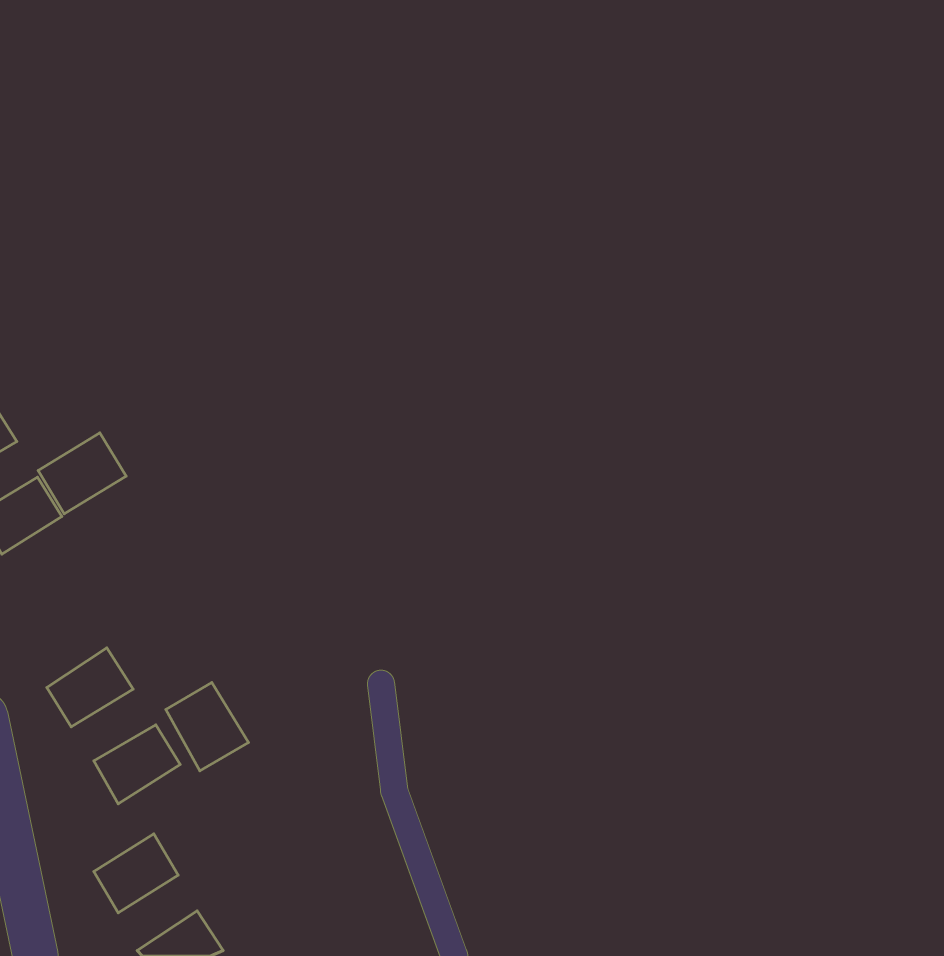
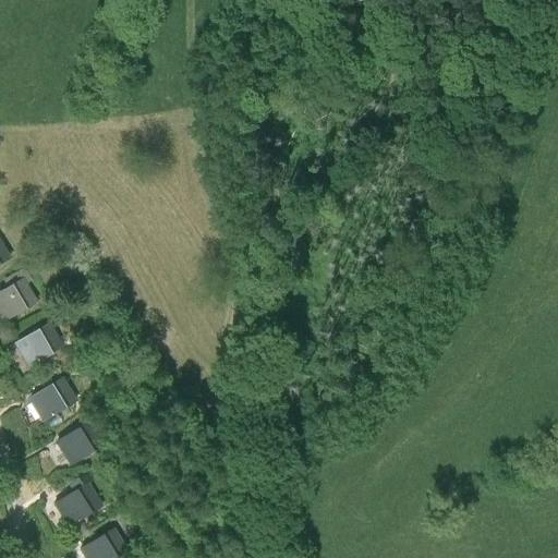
building: [38,433,126,514] -> [12,322,63,368]
building: [166,682,249,771] -> none

